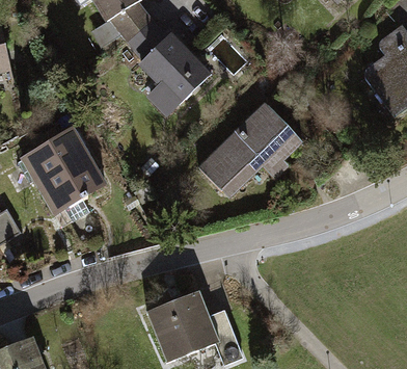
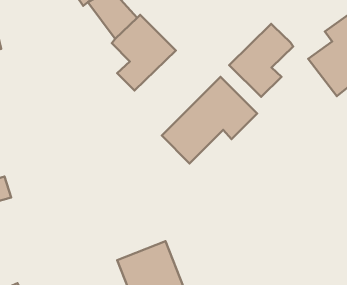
building: none -> [229,24,293,97]
building: [20,133,103,218] -> none

